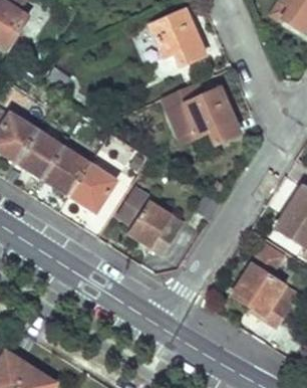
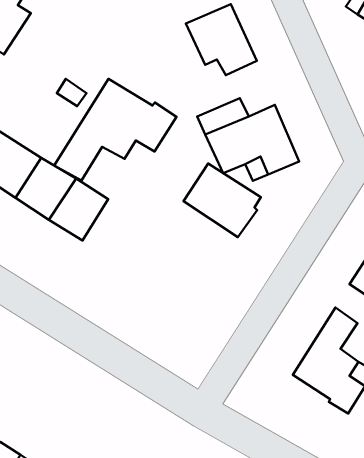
building: none -> [54,79,176,180]
building: [69,161,115,210] -> none
building: [119,195,180,252] -> [183,164,261,237]

